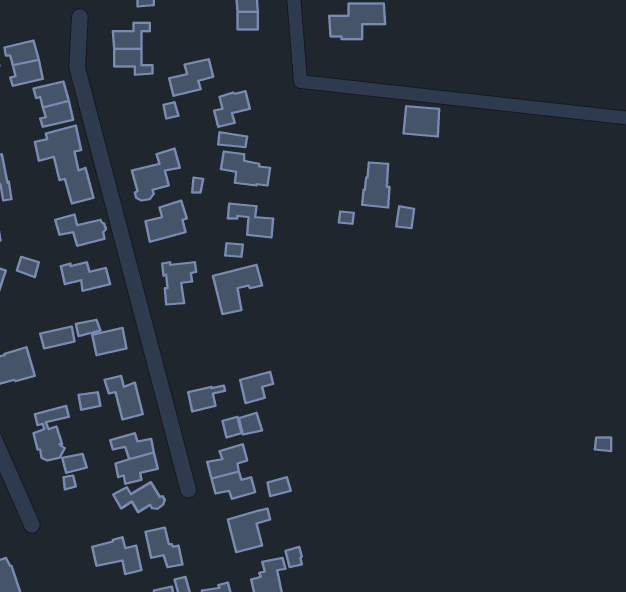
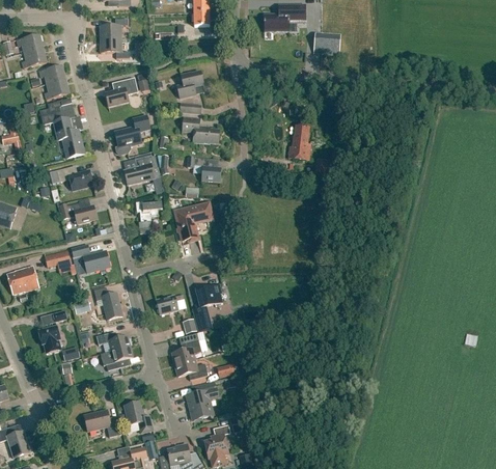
building: [169,59,213,96] -> [105,79,138,107]
building: [404,106,439,136] -> [313,32,340,55]
building: [113,482,165,512] -> none

